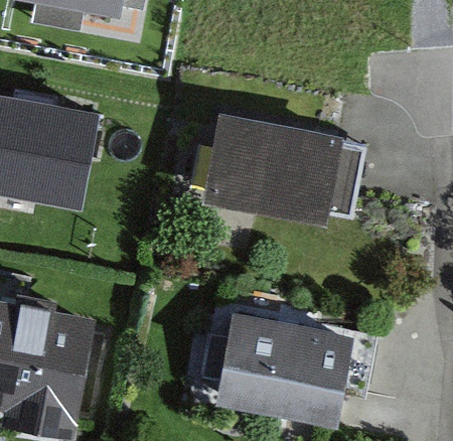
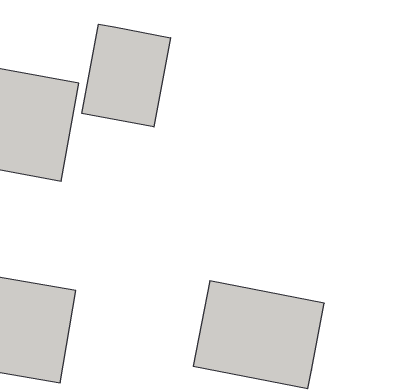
building: none -> [82,24,171,127]
building: [205,120,365,220] -> none

